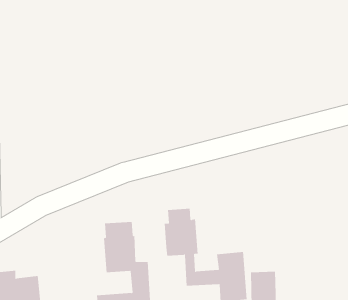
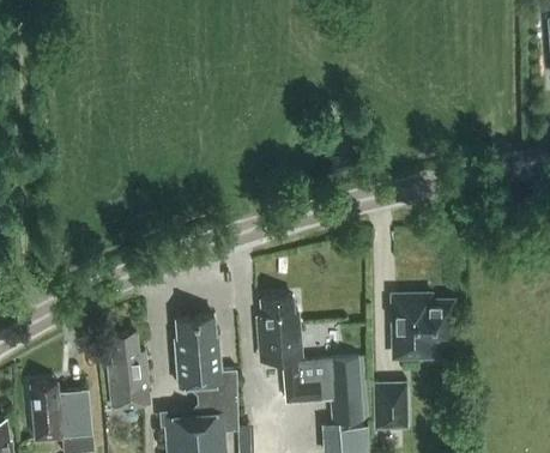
building: none -> [393,295,452,356]
building: none -> [107,333,149,409]

